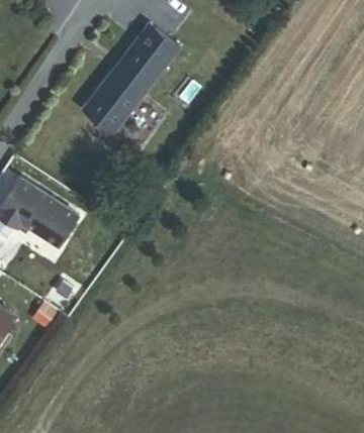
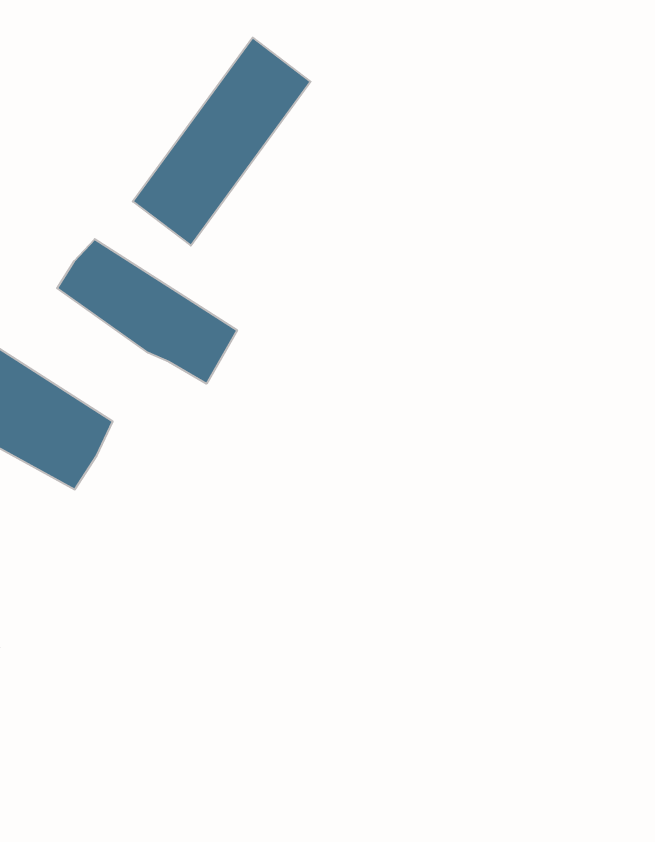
building: none -> [57,239,237,384]

